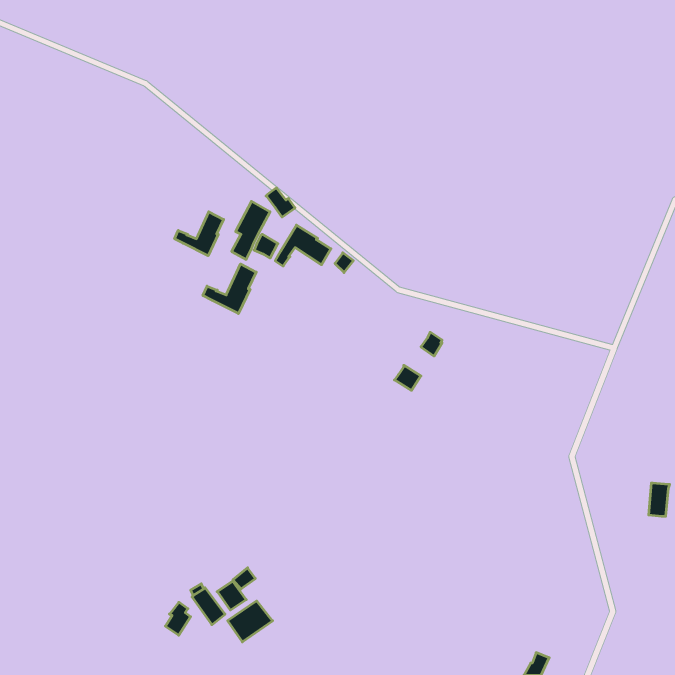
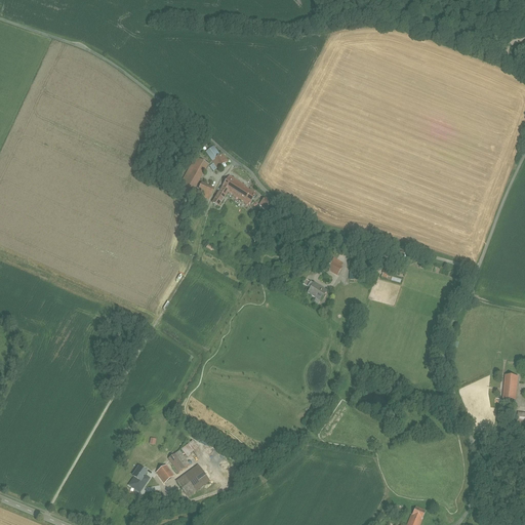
building: [175,212,224,256] -> none
building: [203,264,256,314] -> none

